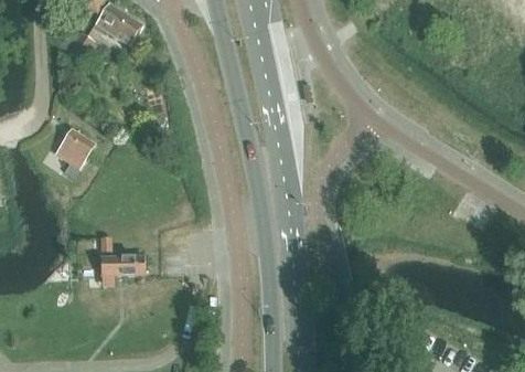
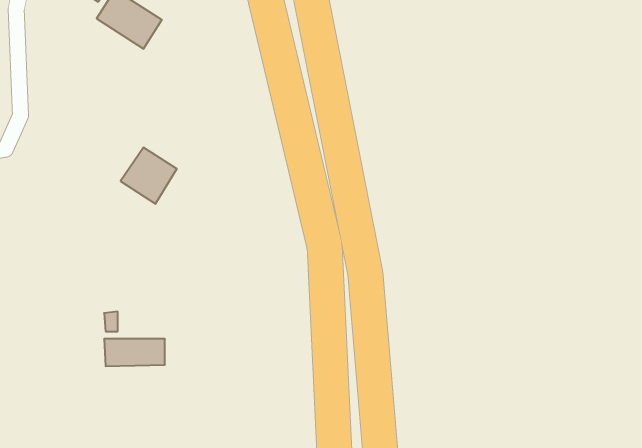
building: [54,129,95,170] -> [121,148,177,204]

